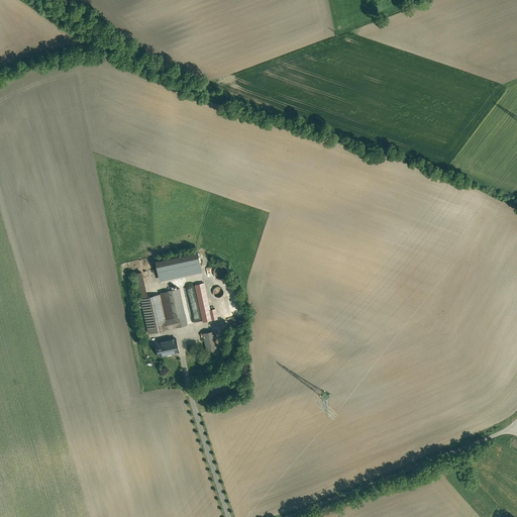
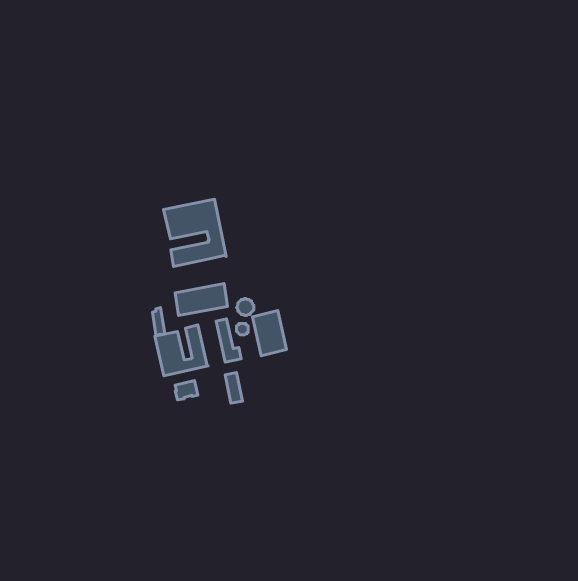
building: none -> [164,199,226,266]
building: none -> [252,310,287,356]

